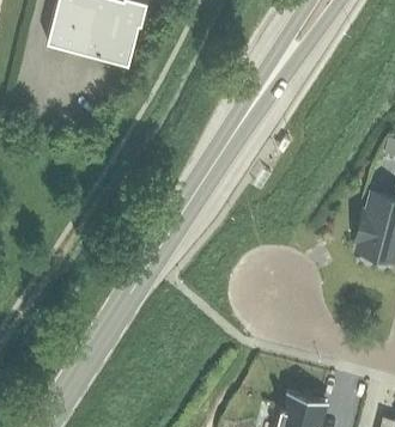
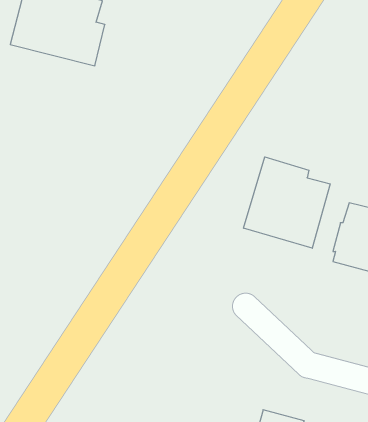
building: none -> [244,157,330,248]

